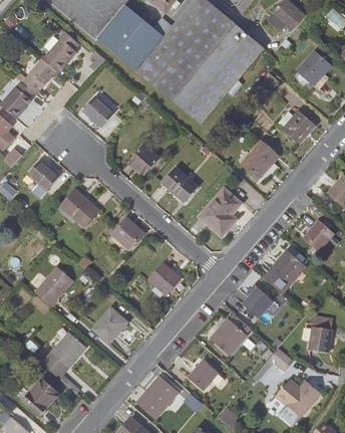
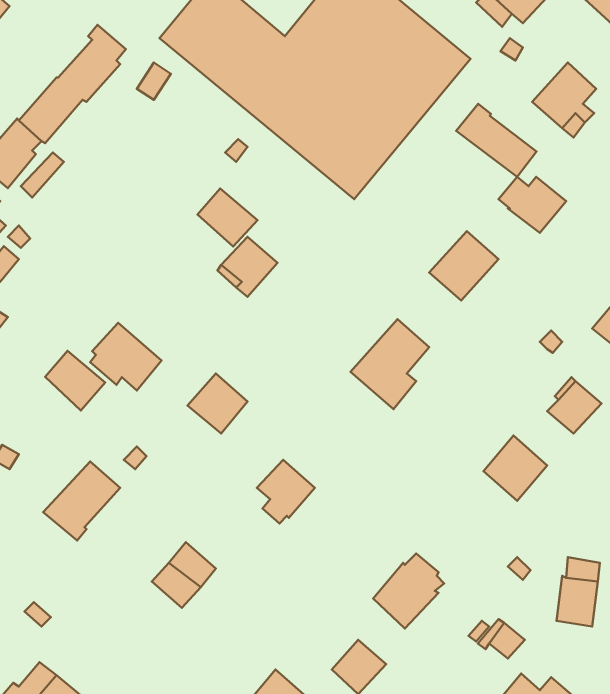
building: none -> [456,104,536,177]
building: [82,95,114,127] -> [198,188,258,246]
building: [27,159,59,191] -> [45,351,105,411]
building: [161,167,198,202] -> none
building: [242,286,273,317] -> none
building: [42,332,85,378] -> none

